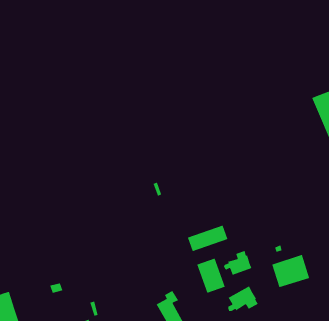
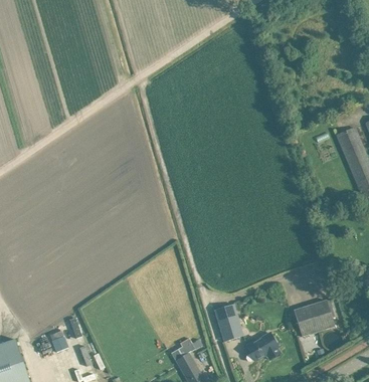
building: [187,224,229,252] -> none
building: [223,250,253,276] -> none

